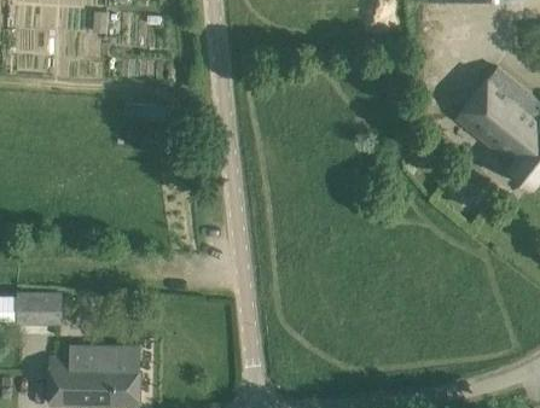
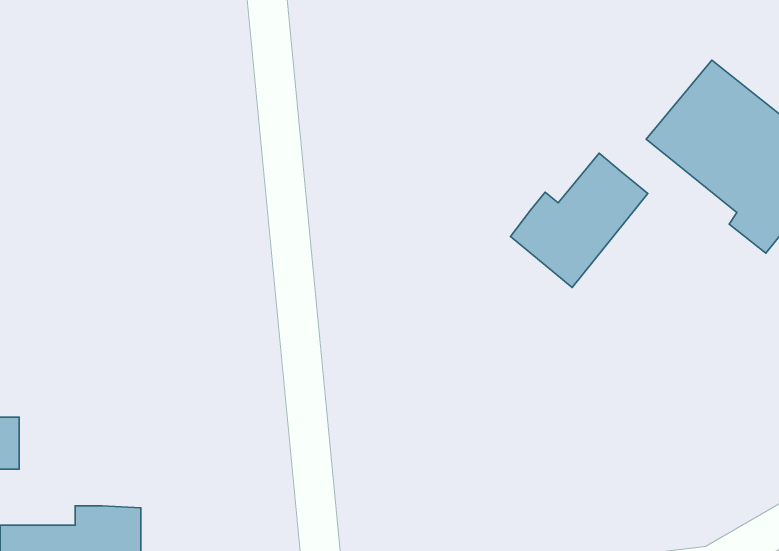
building: none -> [511,153,648,288]

